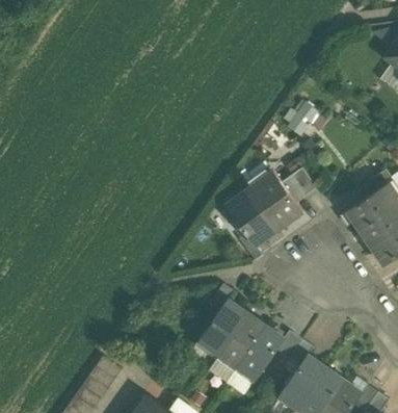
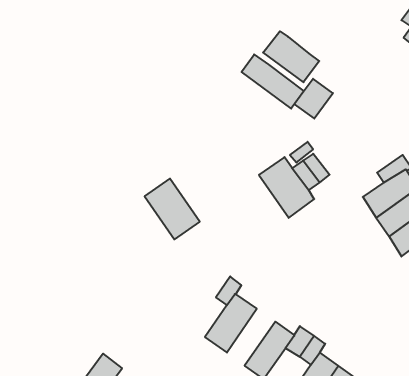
building: none -> [263,31,319,82]
building: none -> [242,54,304,109]
building: [227,188,278,246] -> [145,179,200,239]
building: [220,314,266,368] -> none

